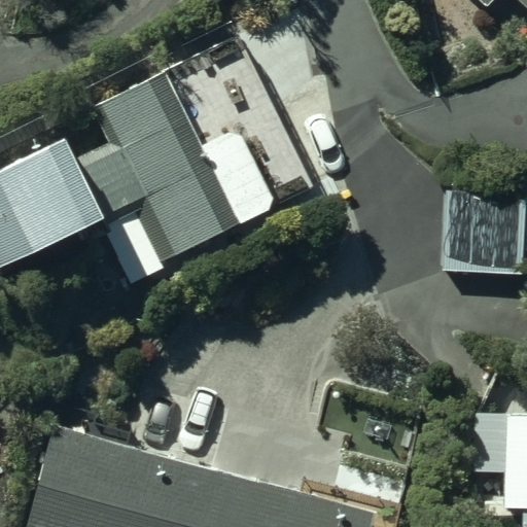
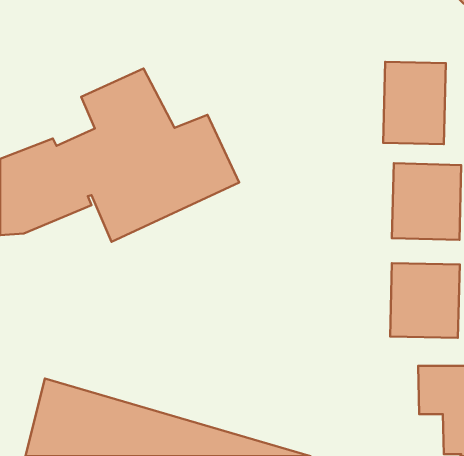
building: none -> [383,62,446,144]
building: none -> [390,263,460,338]

